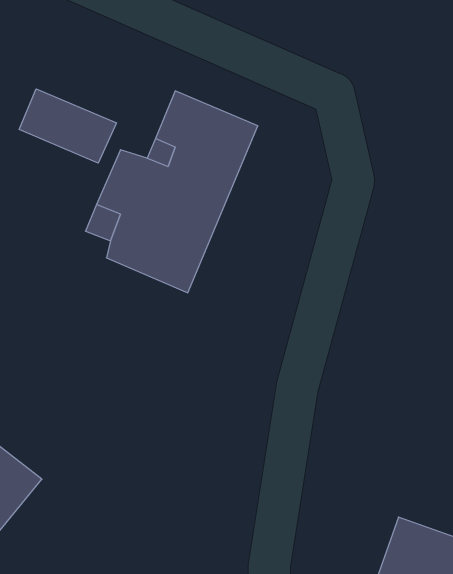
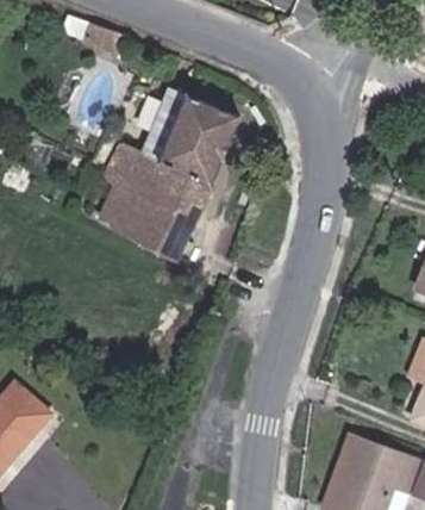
building: [19,89,116,163] -> none

